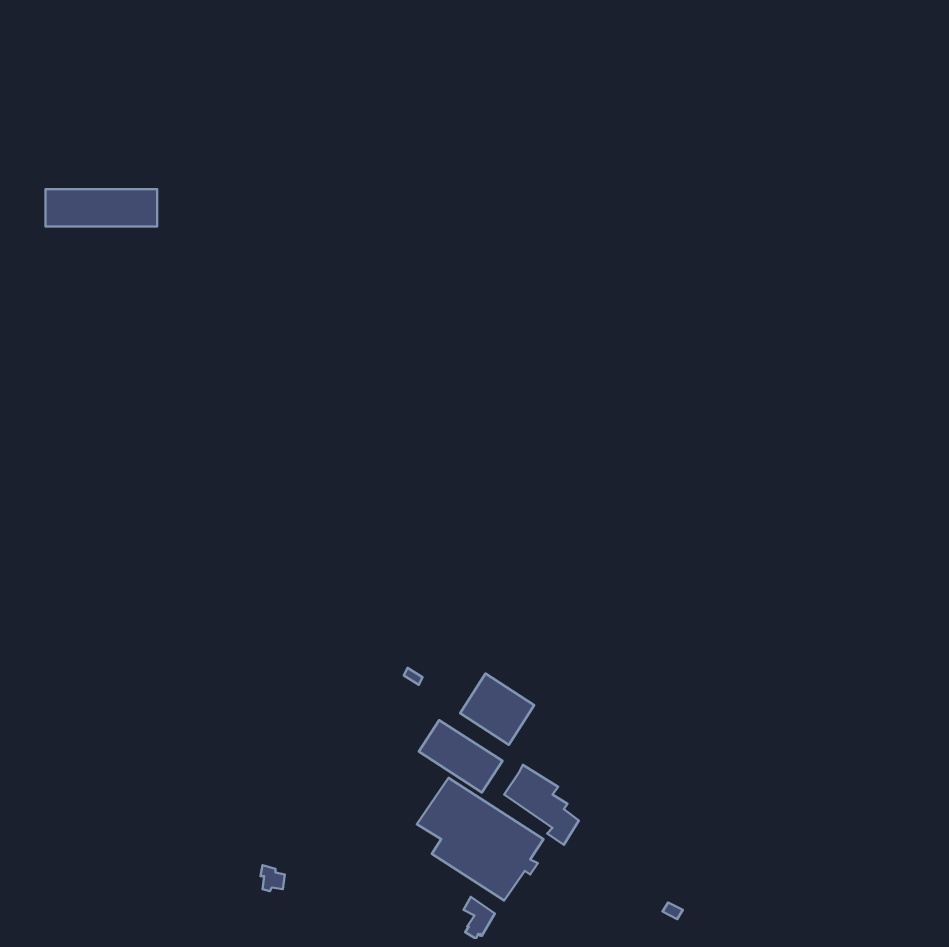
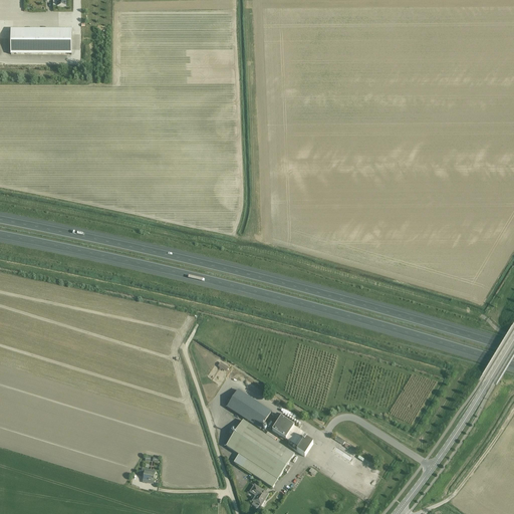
building: [45,189,157,226] -> [10,28,70,48]
building: [460,674,534,745] -> none

